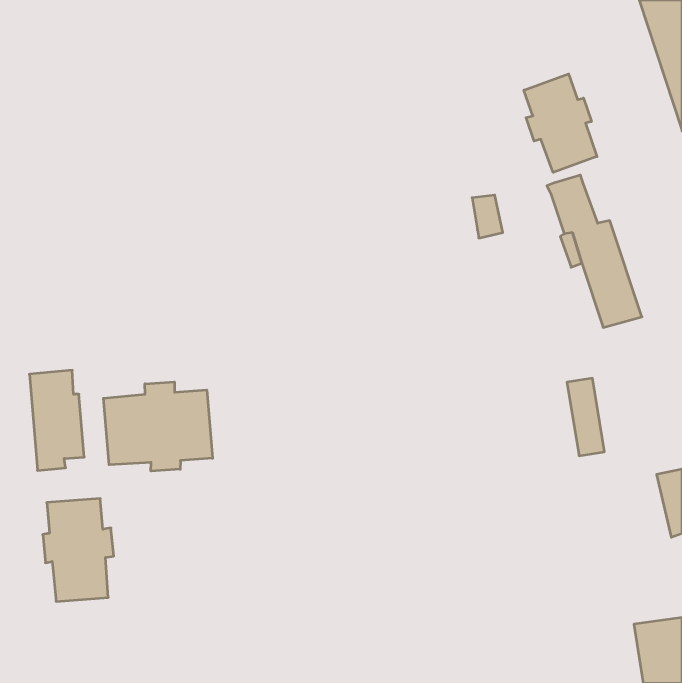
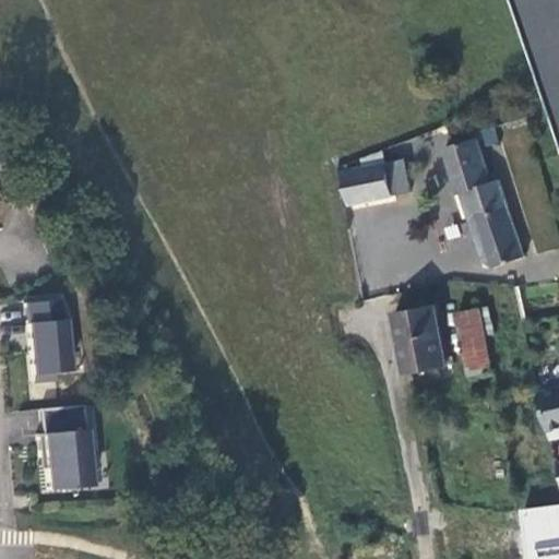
building: [524,74,597,172] -> none
building: none -> [342,162,391,203]
building: none -> [392,304,444,373]
building: [103,382,213,471] -> none

